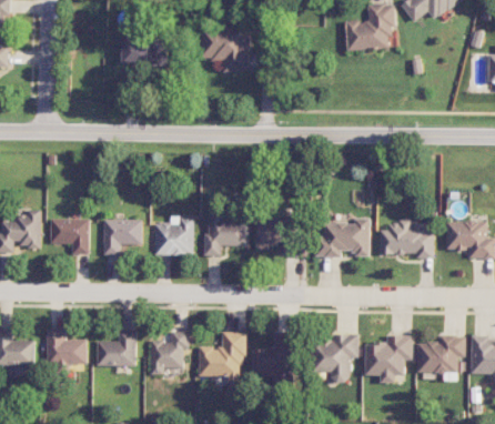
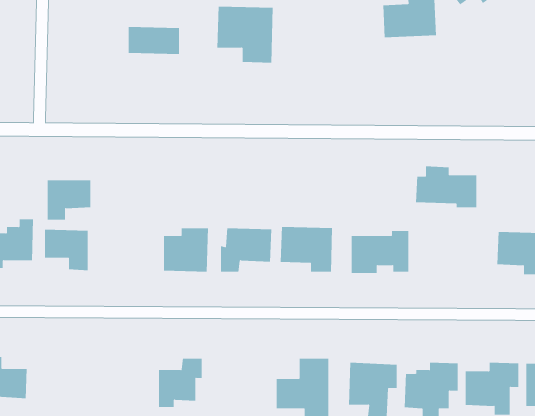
building: [102,220,141,255] -> [47,180,91,220]
building: [378,222,433,259] -> [415,166,477,208]
building: [46,330,85,364] -> none
building: [94,331,134,366] -> none
building: [198,332,246,377] -> none

